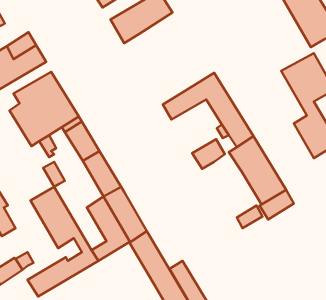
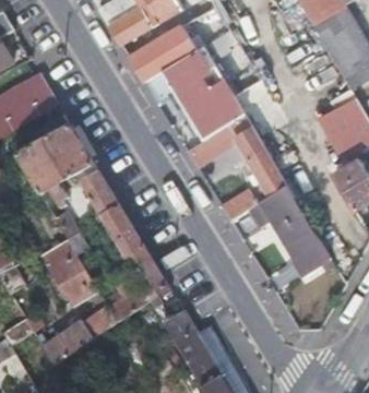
building: none -> [162,48,245,142]

